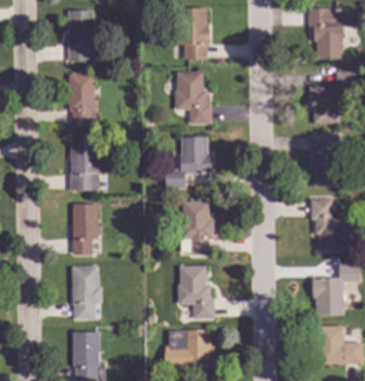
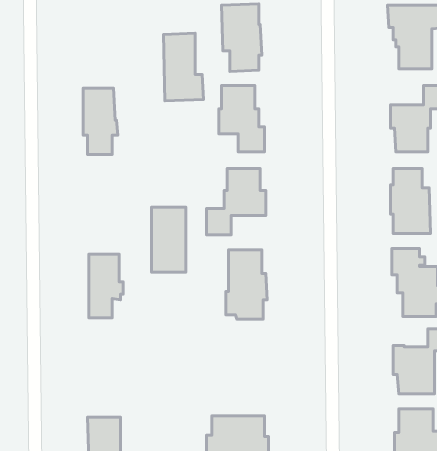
building: [68,9,100,62] -> [163,33,204,101]
building: [71,138,98,189] -> [151,207,186,272]
building: [71,264,102,318] -> none
building: [178,264,214,318] -> none

